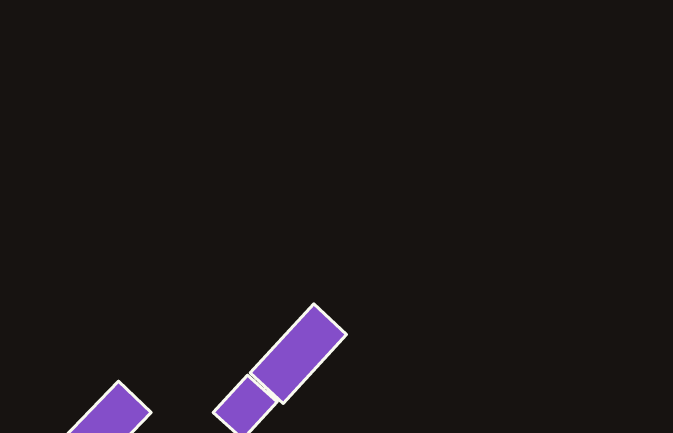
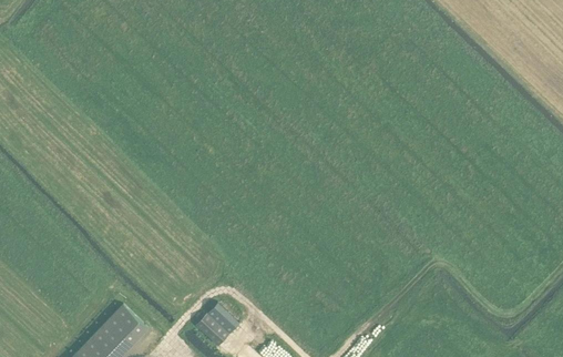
building: [250,304,347,403] -> none

